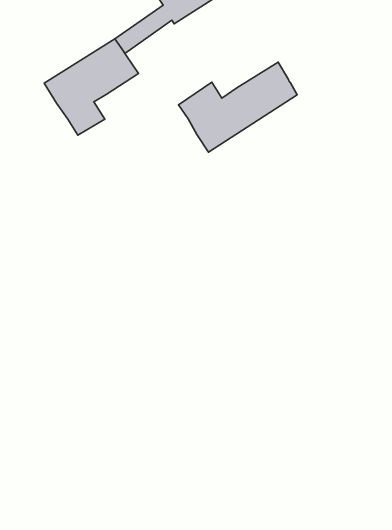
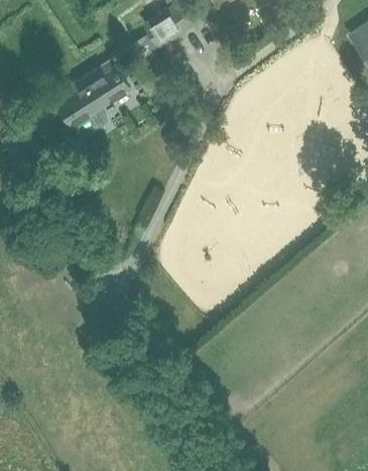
building: [179,62,297,152] -> none

